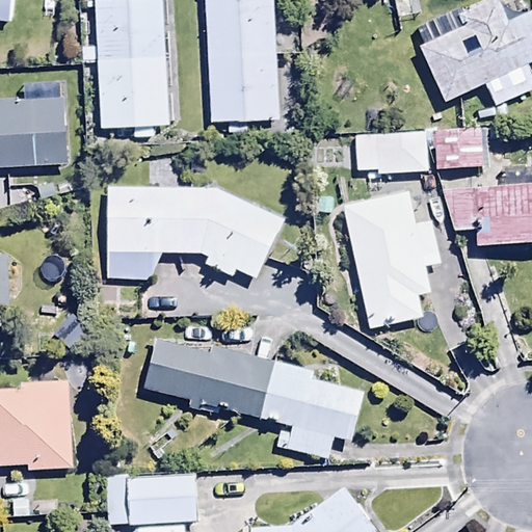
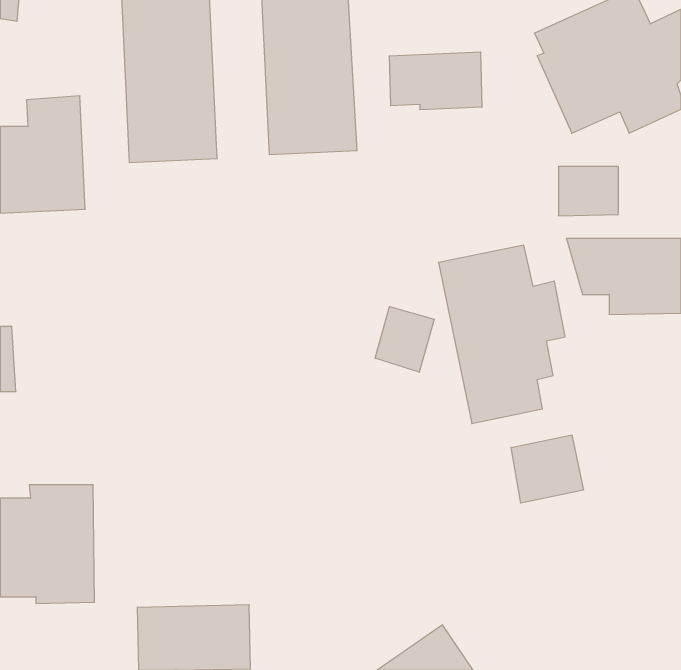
building: [353,129,426,174] -> [389,52,482,110]
building: [105,184,285,281] -> none
building: none -> [375,307,434,372]
building: [142,338,364,458] -> none
building: none -> [511,435,583,503]

